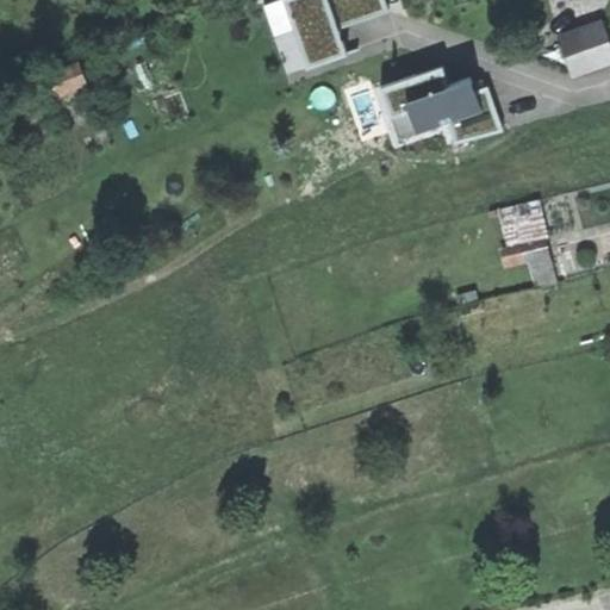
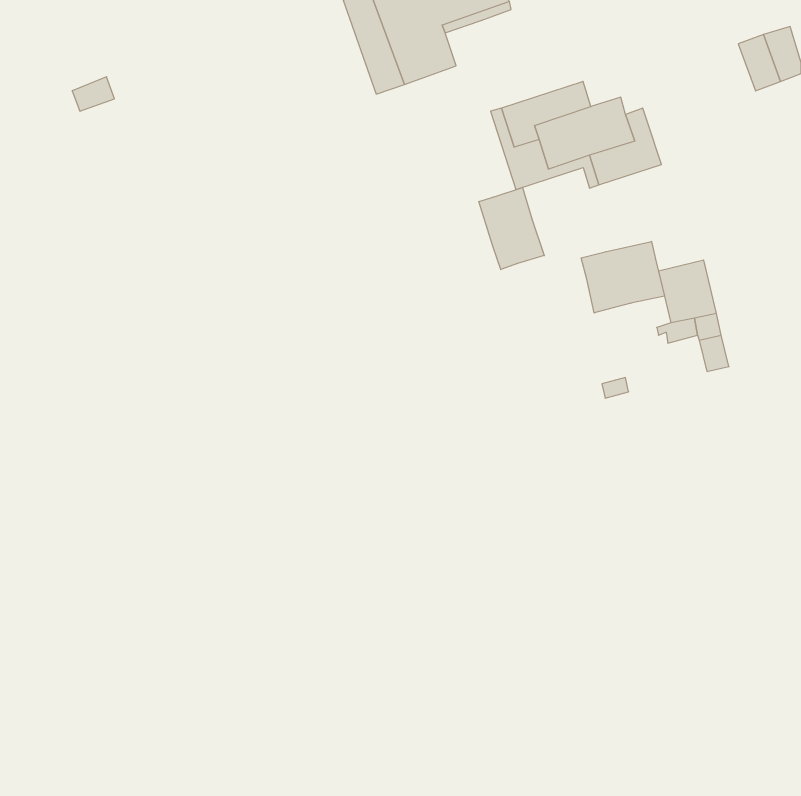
building: none -> [479,187,544,270]
building: none -> [581,241,664,313]

